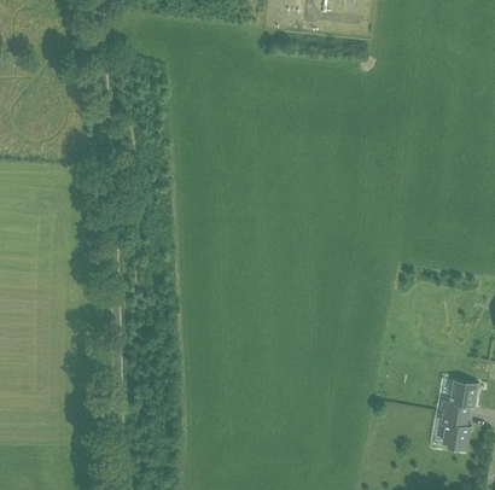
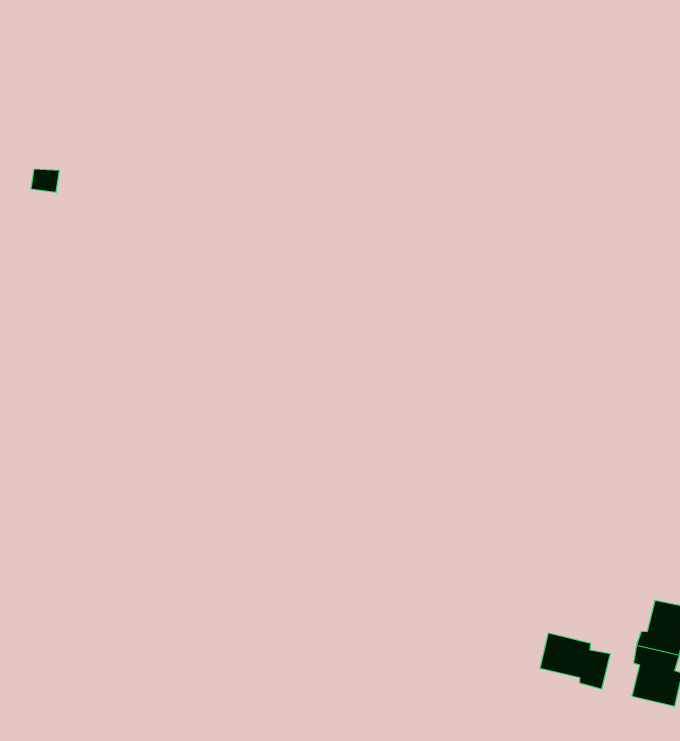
building: none -> [540,633,610,689]

